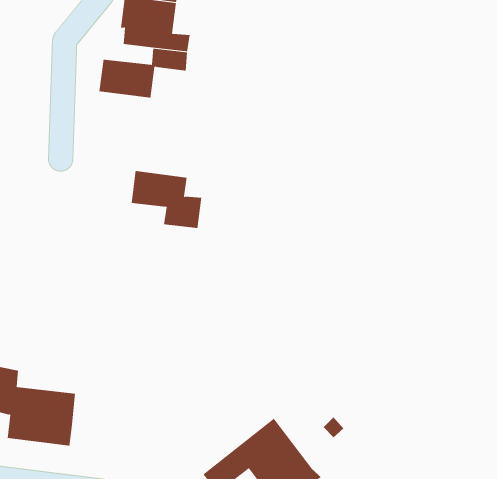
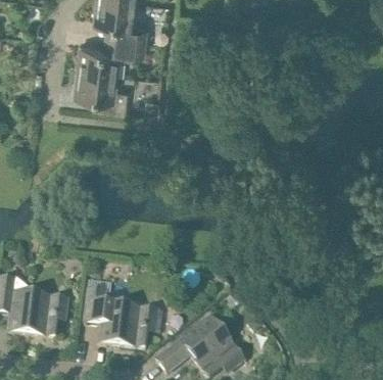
building: [131,171,202,229] -> [75,70,129,114]
building: none -> [84,282,158,350]

